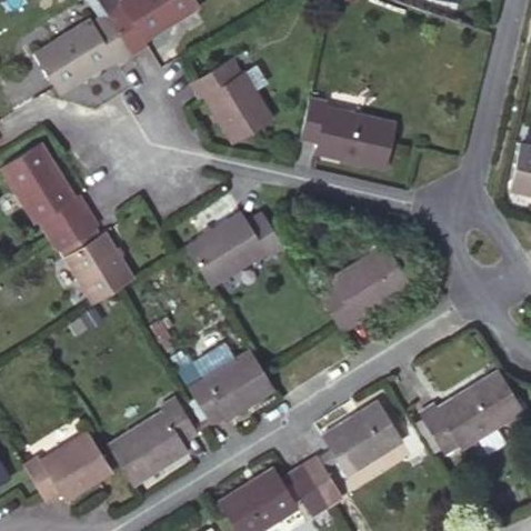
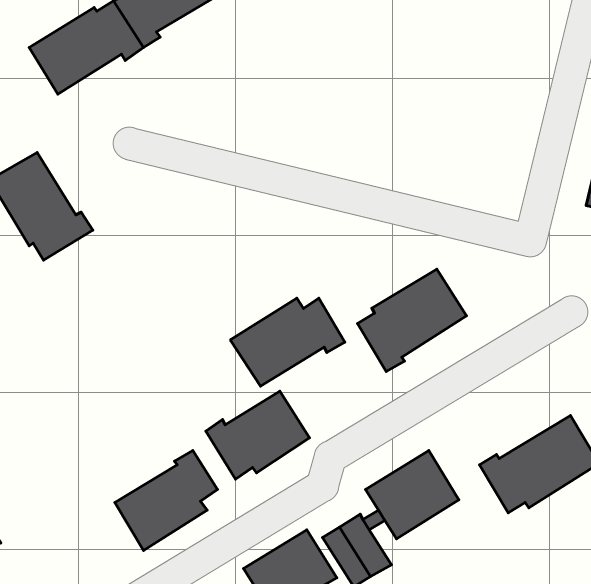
building: [191,60,273,144] -> none
building: [300,100,395,168] -> none
building: [48,211,136,305] -> none
building: [186,211,283,287] -> [231,298,345,386]
building: [23,432,112,502] -> none

